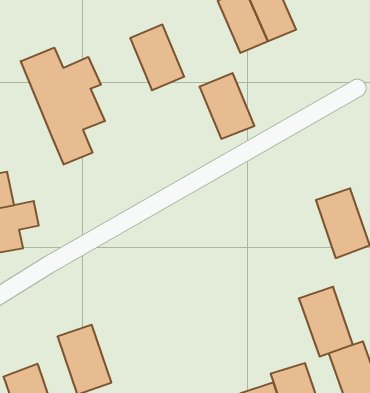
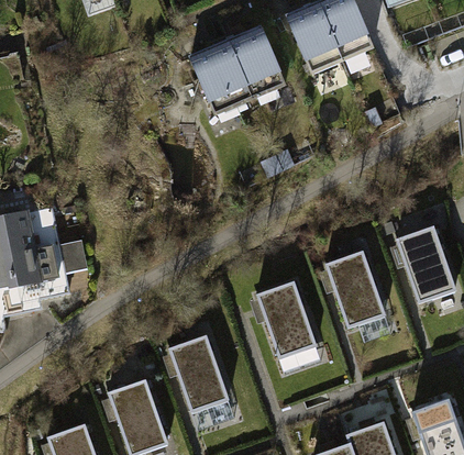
building: [21,48,105,165] -> none
building: [199,73,254,139] -> [225,26,287,100]
building: none -> [256,280,317,358]
building: none -> [168,334,229,411]
building: [299,287,353,356] -> [325,252,386,330]

